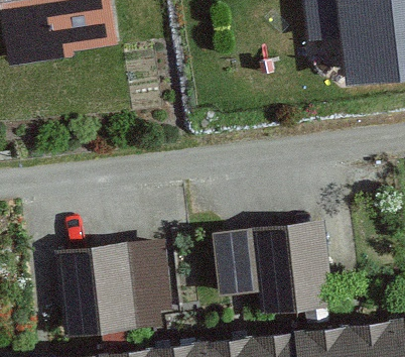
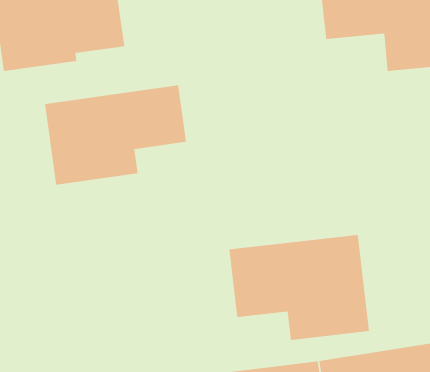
building: none -> [45,84,186,185]
building: [58,239,165,335] -> none

